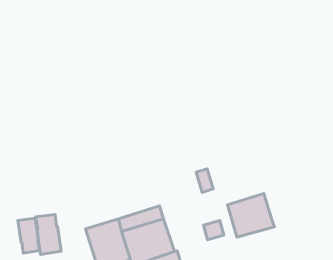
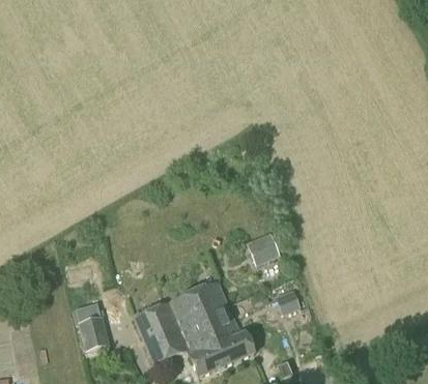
building: [228,193,274,237] -> none
building: [18,218,39,253] -> none

